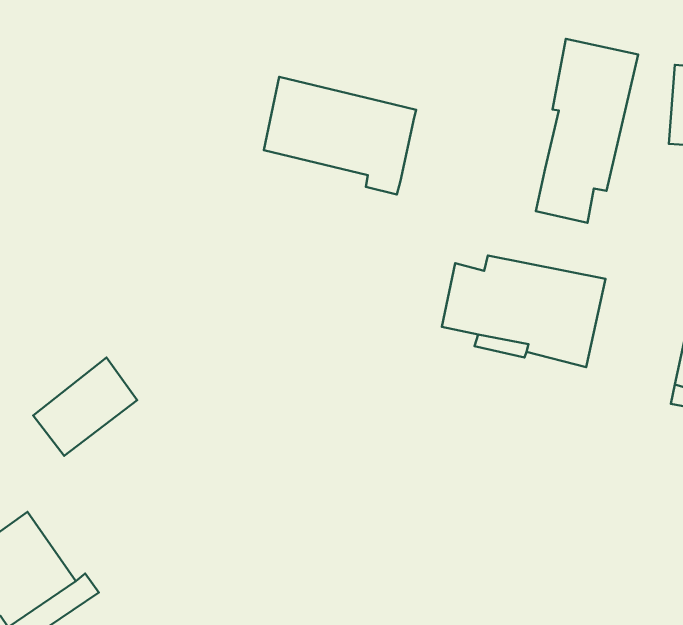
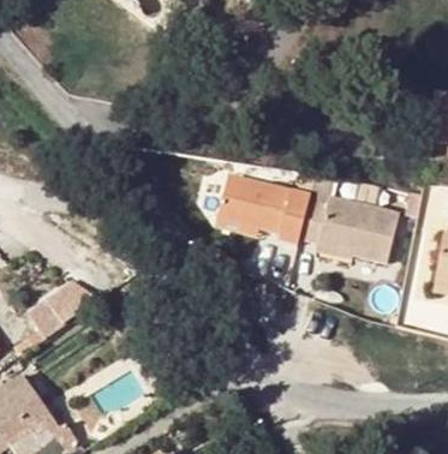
building: [536,39,638,223] -> none
building: [264,77,416,194] -> [204,184,299,257]

